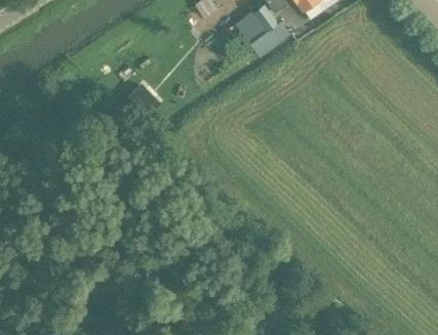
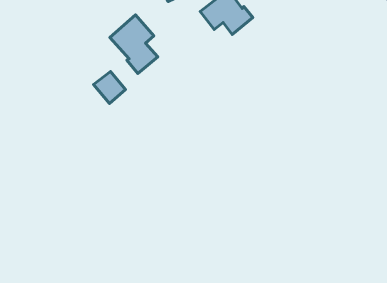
building: none -> [110,15,158,74]

